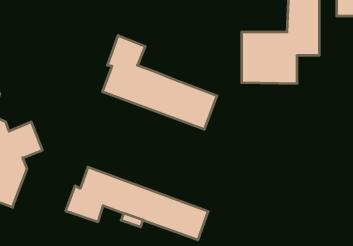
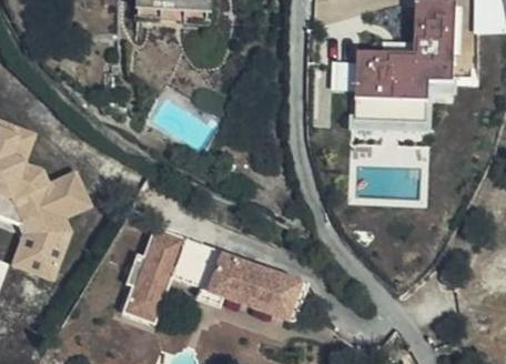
building: [103,35,217,129] -> none
building: none -> [121,287,165,325]

